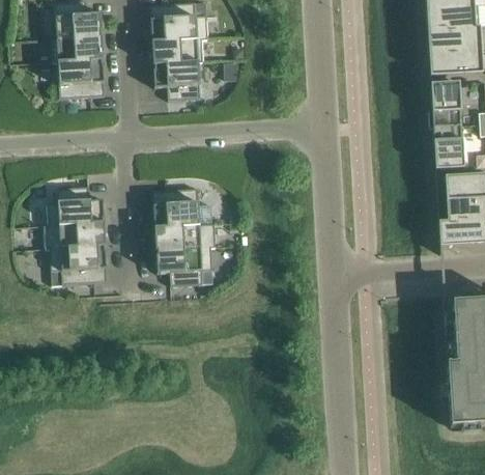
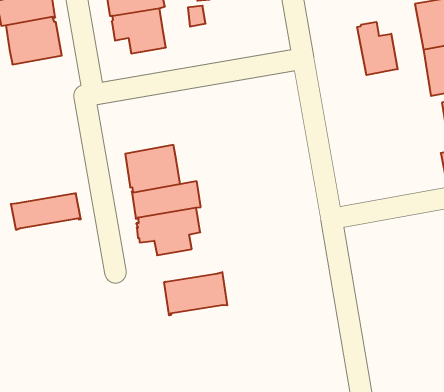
building: none -> [357,22,398,75]
building: [47,185,104,224] -> none
building: [50,244,107,283] -> none
building: none -> [164,272,227,315]

